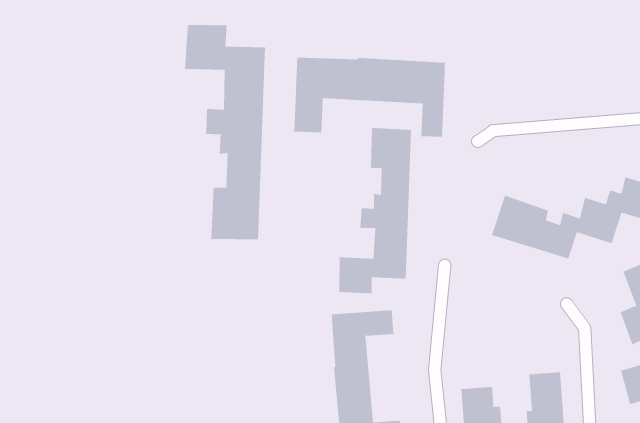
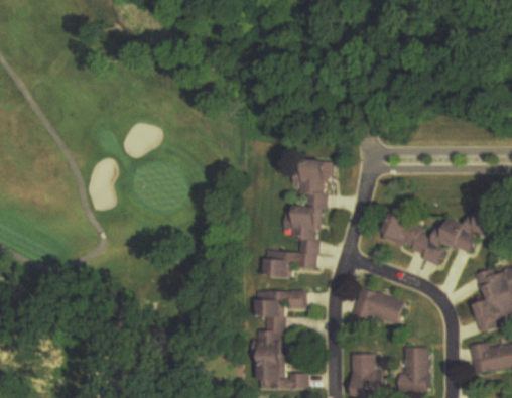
building: [185,24,265,240] -> none
building: [294,57,445,138] -> none
building: none -> [351,287,403,326]

